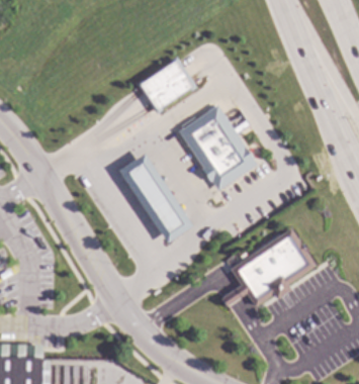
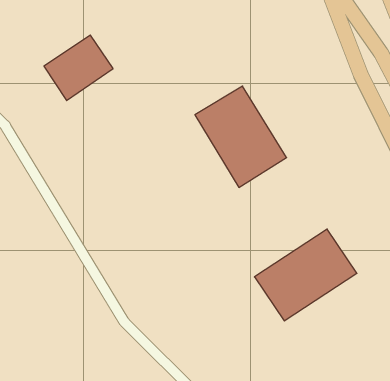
building: [138,58,196,113] -> [44,35,113,101]
building: [119,155,192,244] -> none

